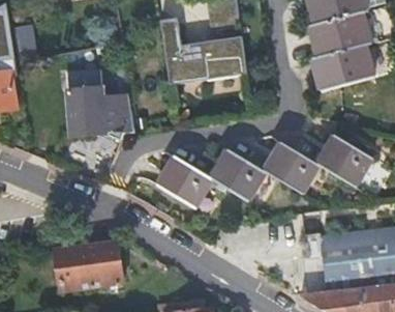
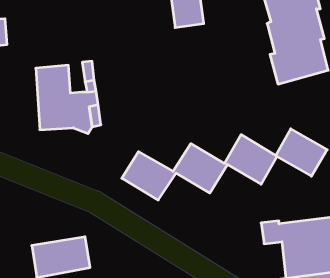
building: [160,19,248,85] -> none

